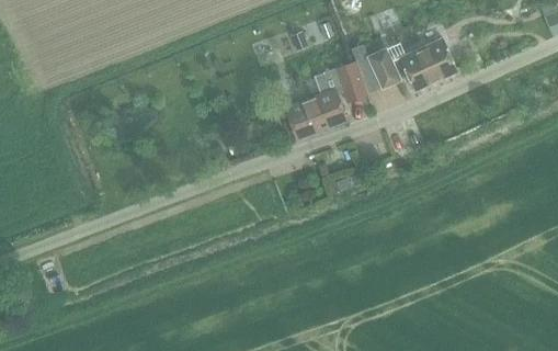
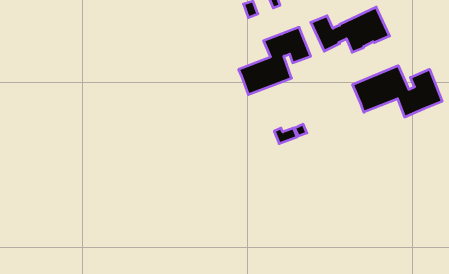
building: none -> [353,66,442,117]

